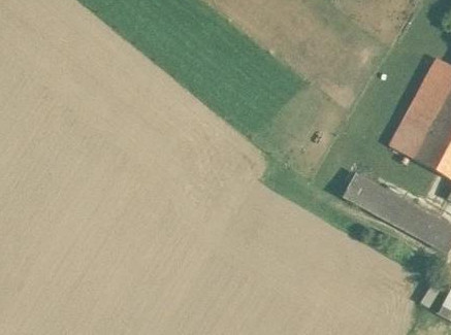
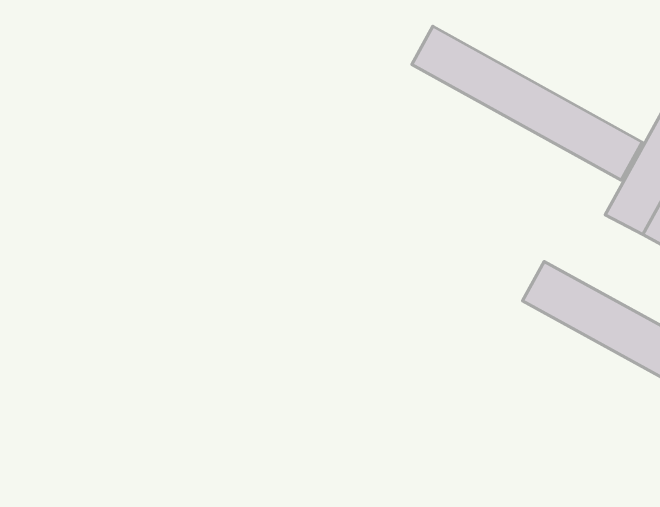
building: none -> [412,26,642,180]

